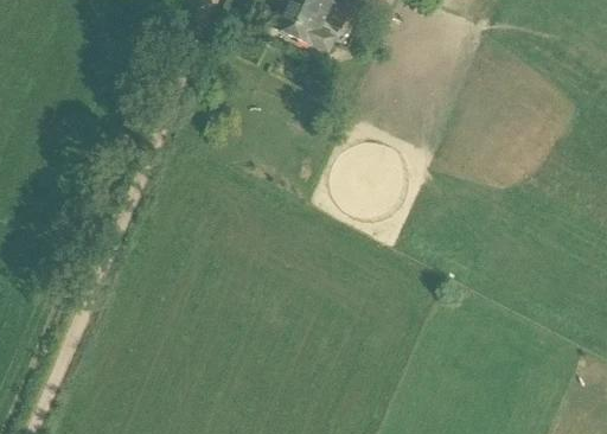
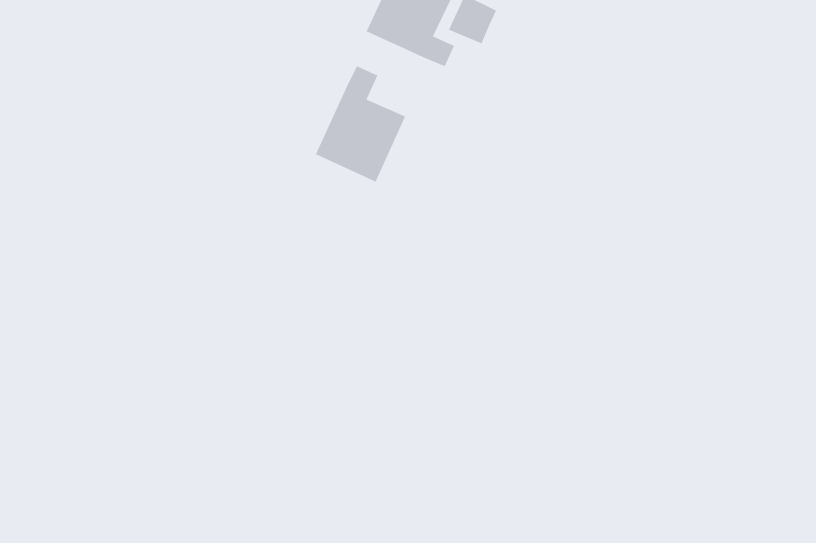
building: none -> [315,66,406,182]

